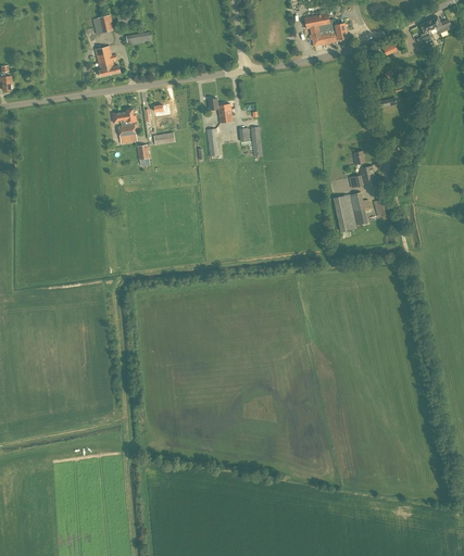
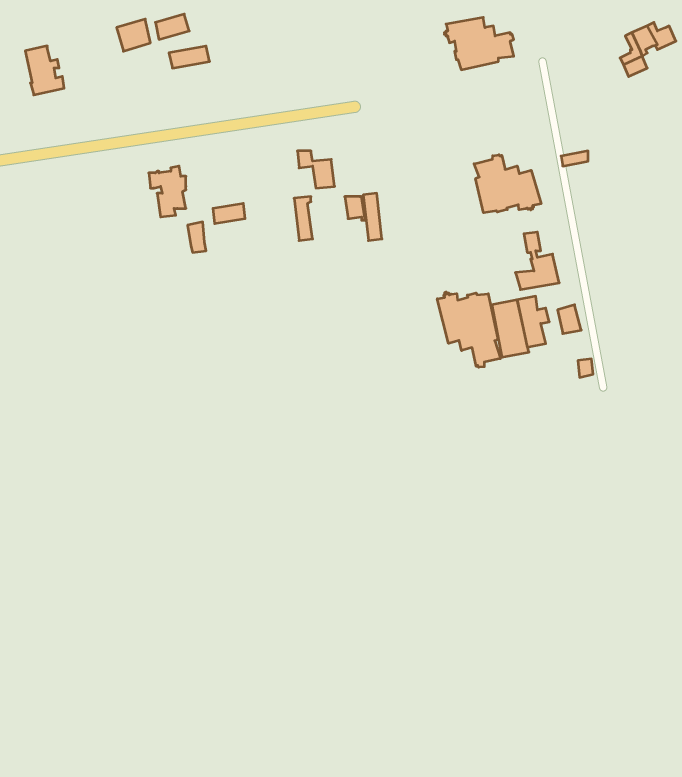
building: [95,46,120,77] -> [25,46,64,95]
building: none -> [474,155,541,213]
building: none -> [437,292,500,367]

